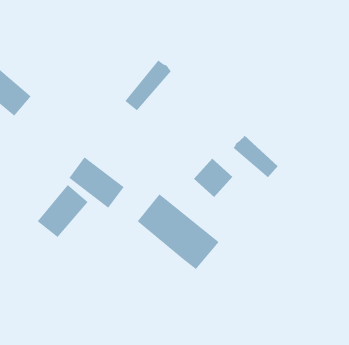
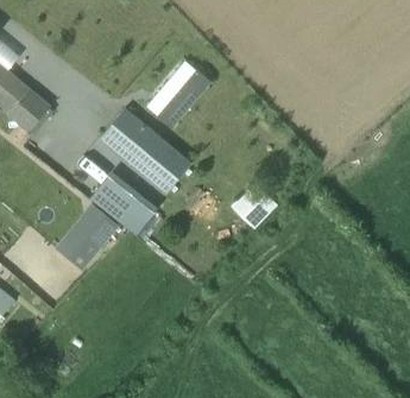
building: [233,135,279,178] -> none
building: [137,194,219,270] -> [96,107,189,192]

